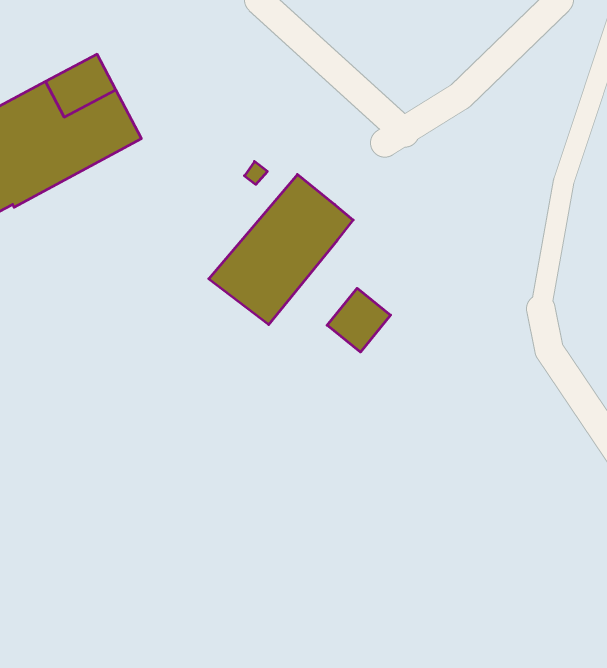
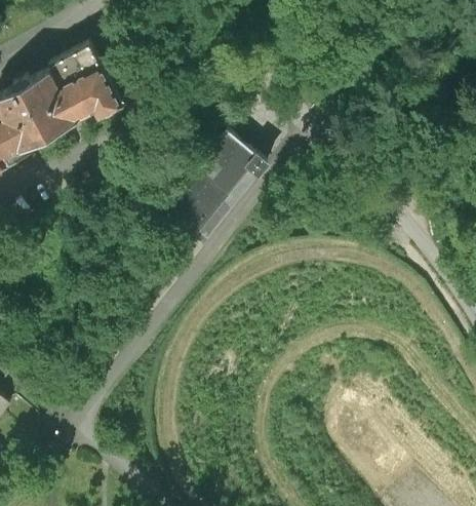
building: [327,288,391,352] -> none

